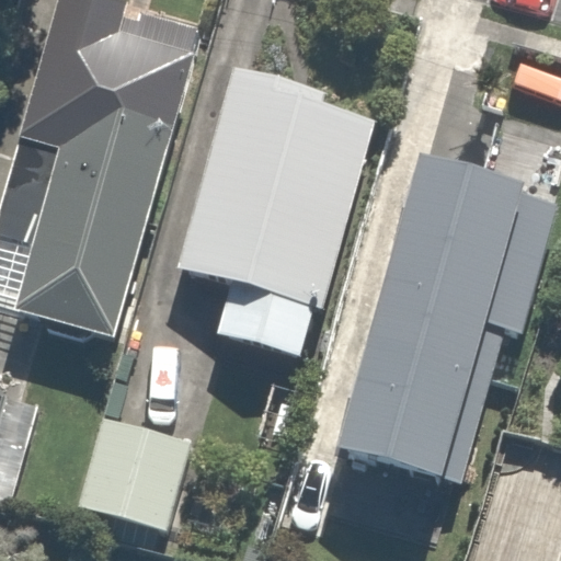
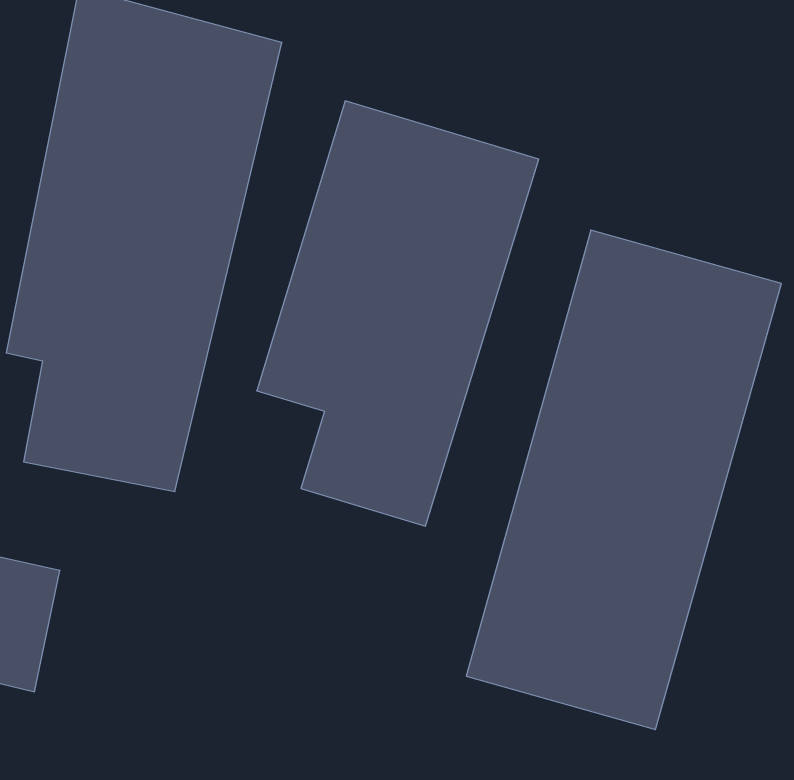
building: [81,410,186,529] -> none

